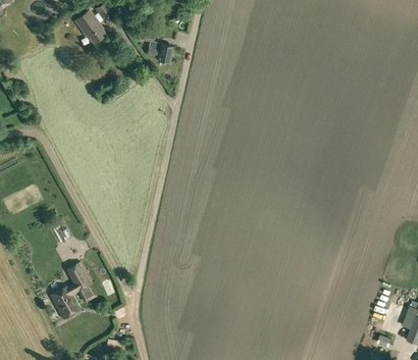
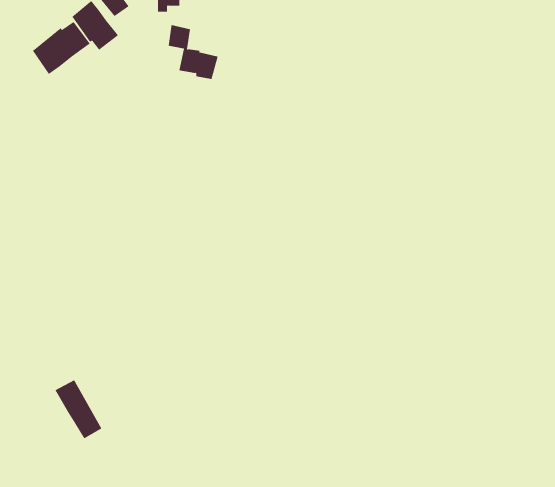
building: none -> [32,21,91,75]
building: [50,282,80,318] -> none

